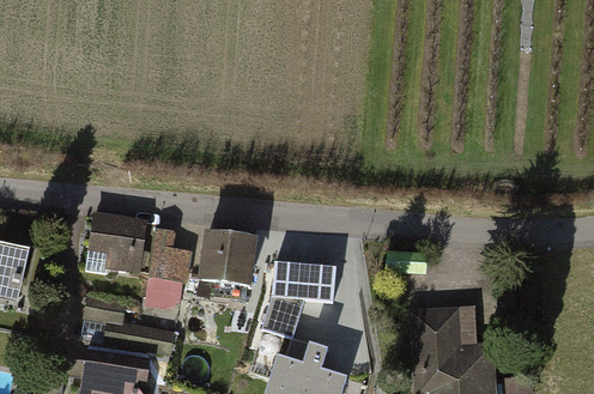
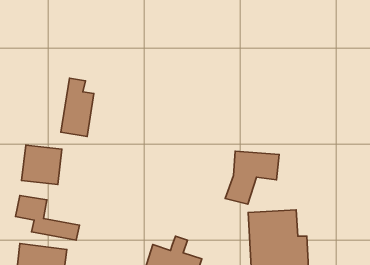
building: [143,228,189,310] -> [61,78,94,136]
building: [201,236,256,289] -> none
building: [257,263,334,339] -> [225,151,279,204]

